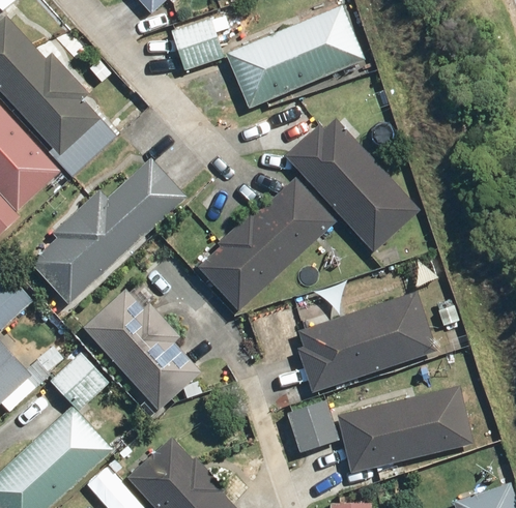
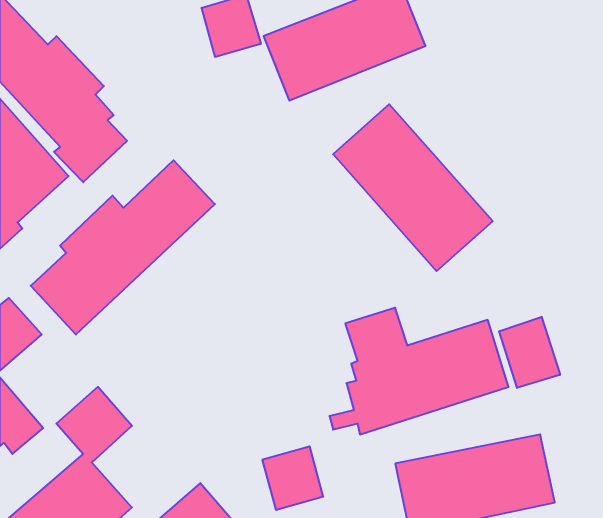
building: [196,177,336,311] -> none
building: [80,279,201,412] -> none
building: none -> [499,317,560,388]
building: [287,401,339,455] -> [262,446,323,510]

